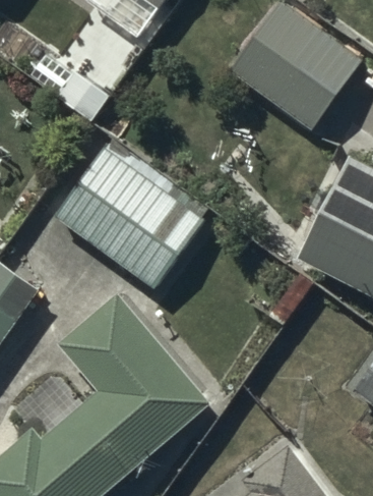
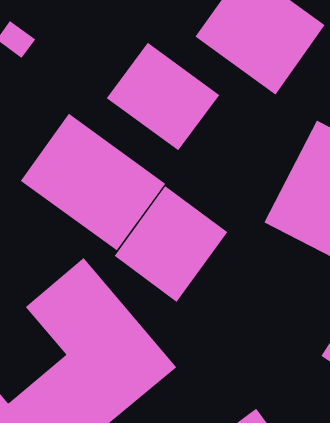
building: none -> [106,42,220,151]
building: none -> [114,185,228,303]

